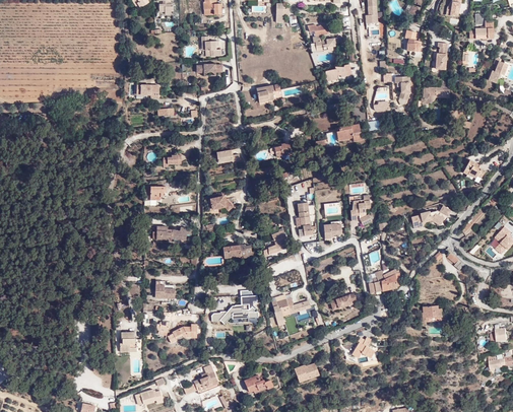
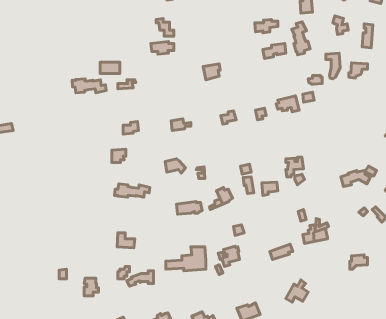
building: none -> [292,22,310,55]
building: none -> [72,79,106,93]

